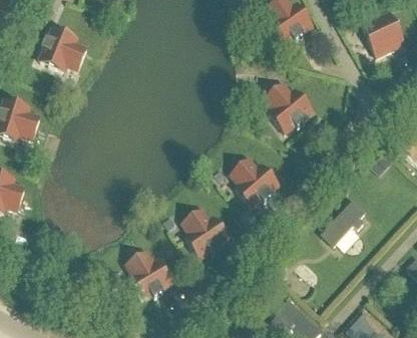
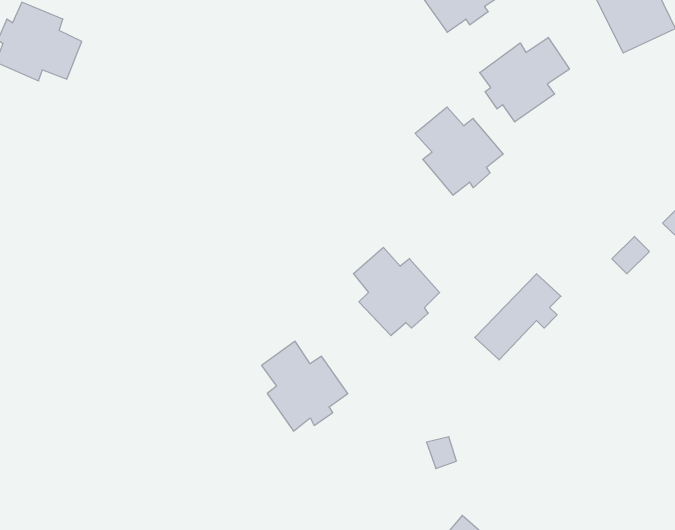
building: none -> [480,37,569,122]
building: [321,200,367,246] -> [475,274,561,360]
building: [126,251,171,299] -> none

